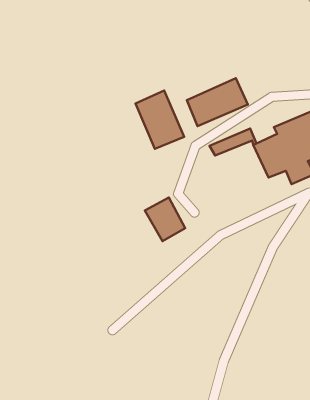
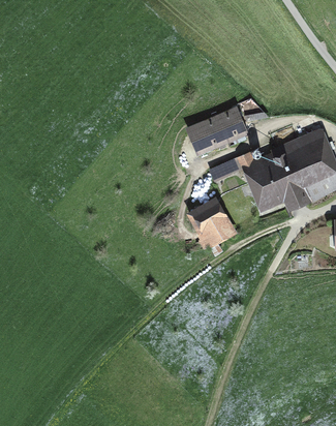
building: [136,91,184,149] -> none
building: [145,197,185,241] -> [192,205,231,246]

